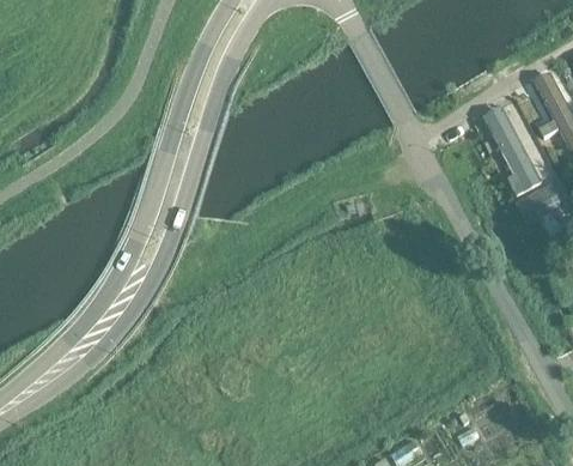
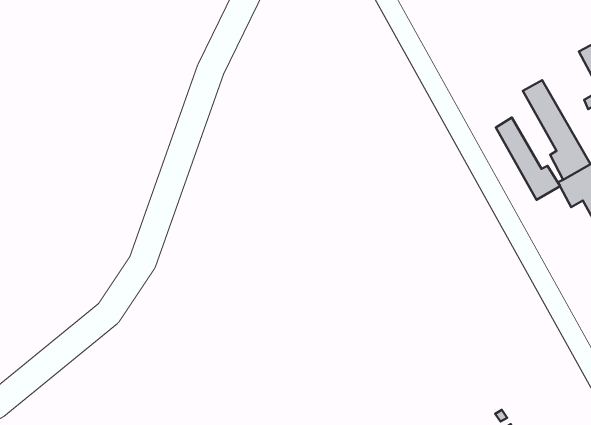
building: none -> [496,118,560,200]

